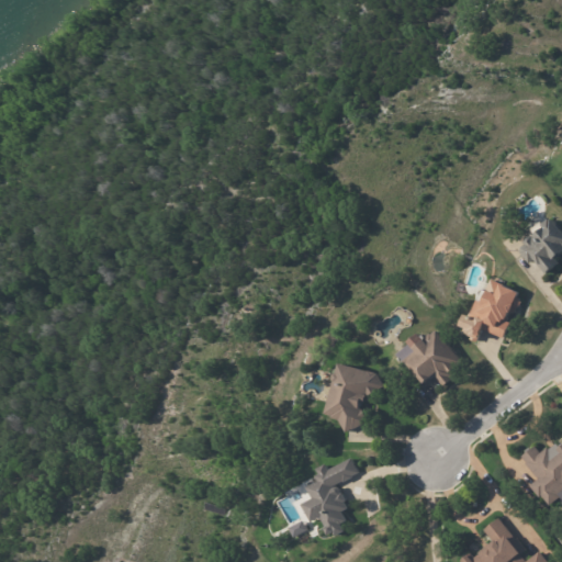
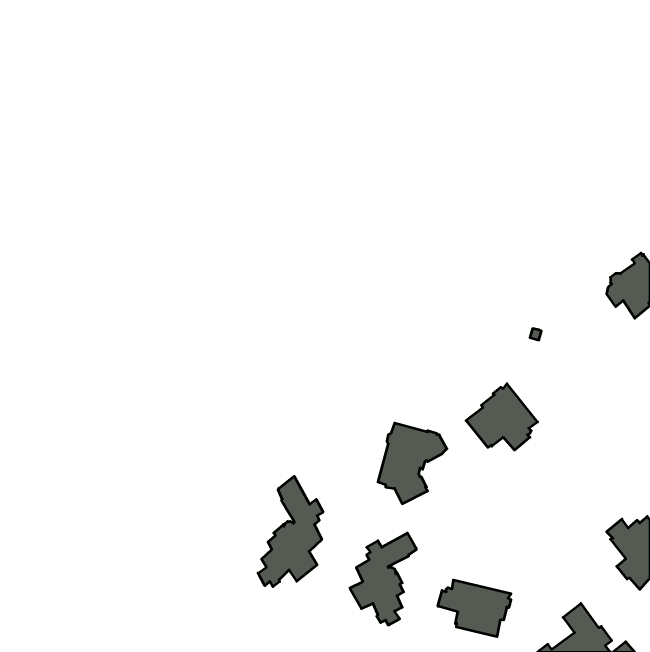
building: [468,279,520,338] -> none
building: none -> [258,476,323,587]
building: none -> [438,580,511,637]

